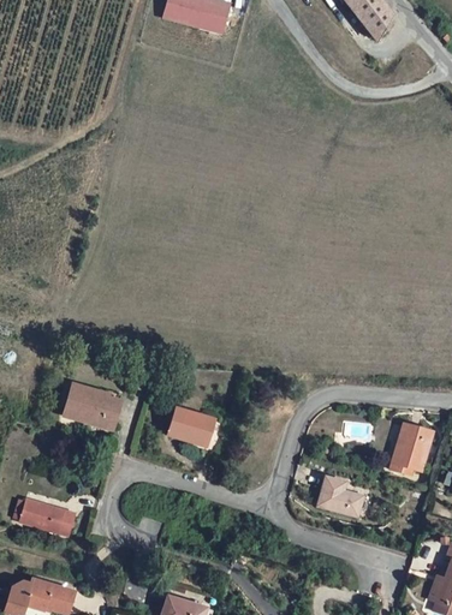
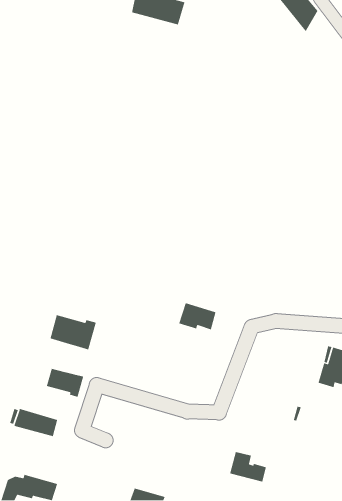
building: [167,407,214,442] -> [178,302,217,331]
building: none -> [46,368,84,398]
building: [317,477,363,515] -> [229,451,267,483]

